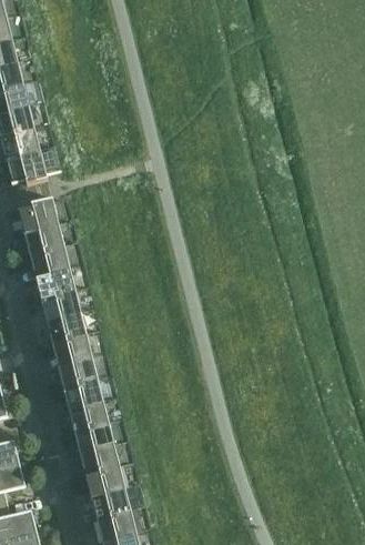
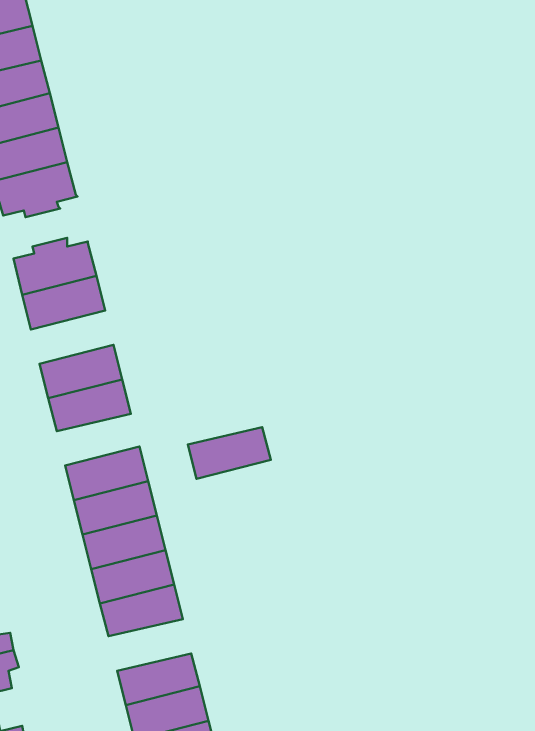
building: [29,244,82,279] -> none
building: [45,311,99,344] -> [188,427,271,479]
building: [79,443,132,476] -> none

